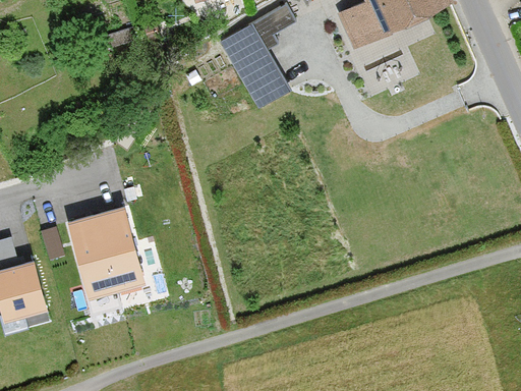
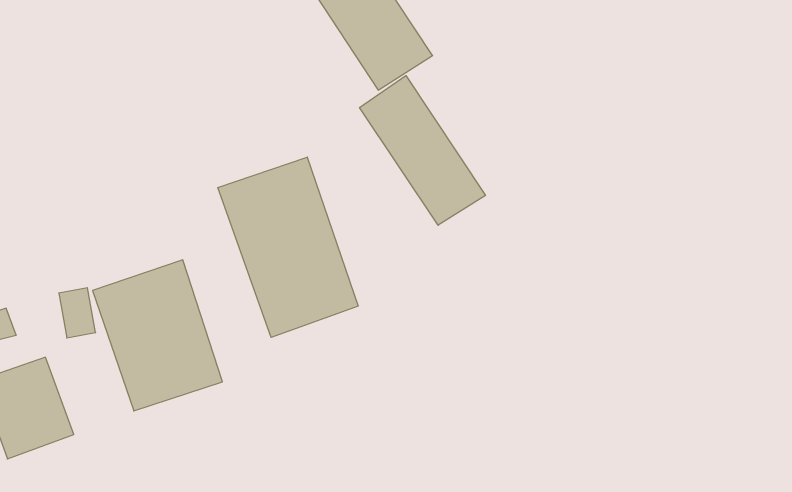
building: none -> [360,76,485,225]
building: none -> [218,157,358,337]

